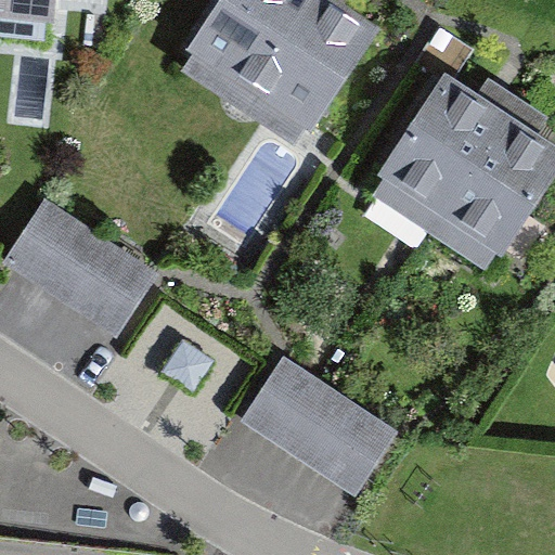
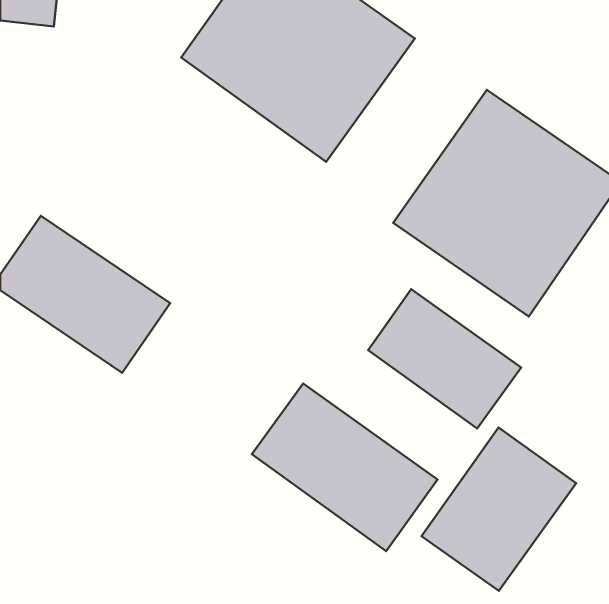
building: none -> [368,289,521,429]
building: none -> [421,427,576,591]

